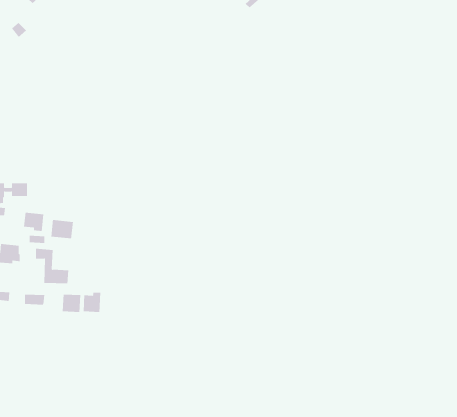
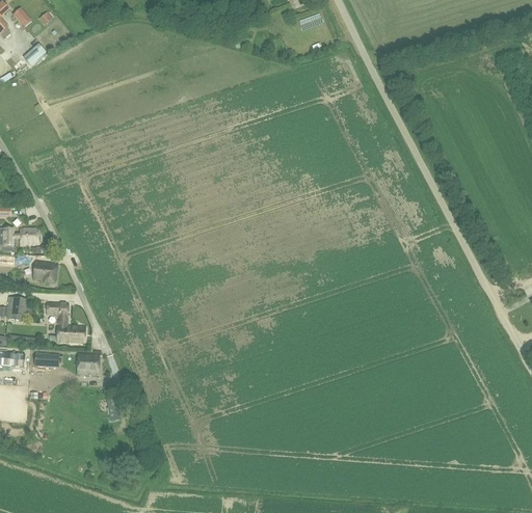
building: [51,219,73,239] -> none
building: [83,292,101,313] -> none

